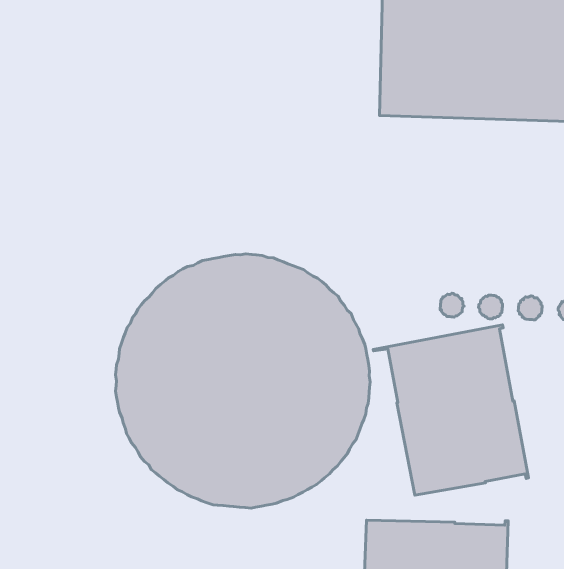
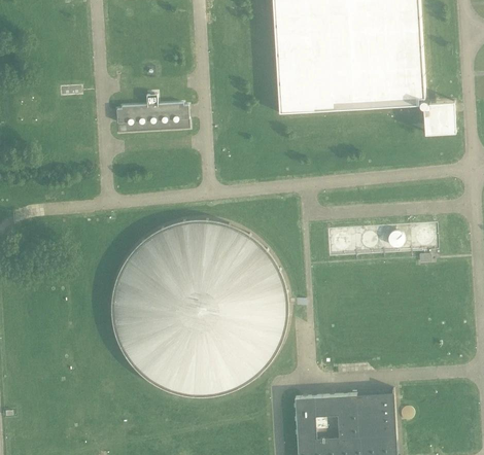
building: none -> [116,94,191,133]
building: [373,325,528,495] -> none

